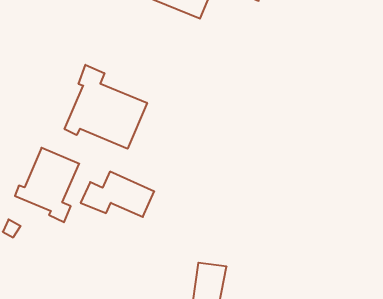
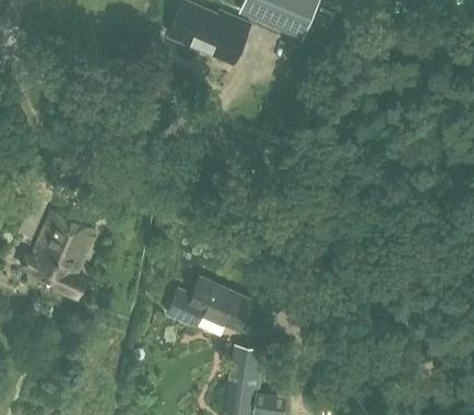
building: [65,65,147,149] -> none
building: [81,172,154,217] -> [168,278,253,331]

